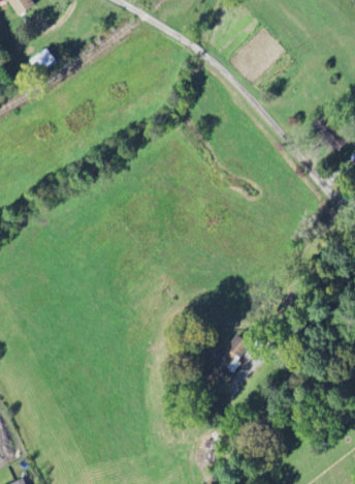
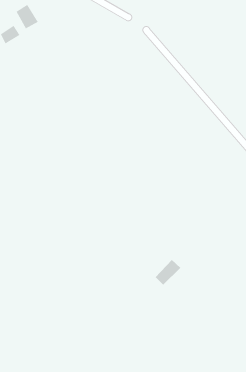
building: none -> [15,4,39,30]

